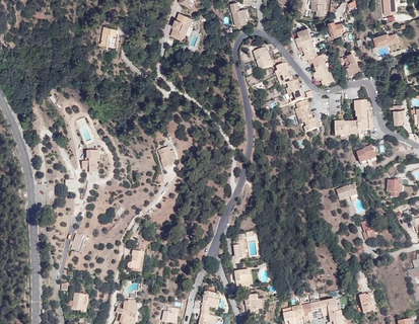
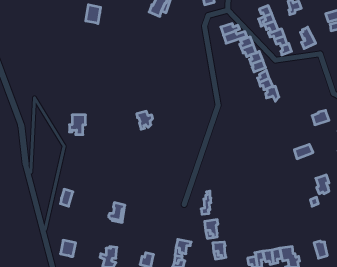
building: [334,101,372,136] -> none

